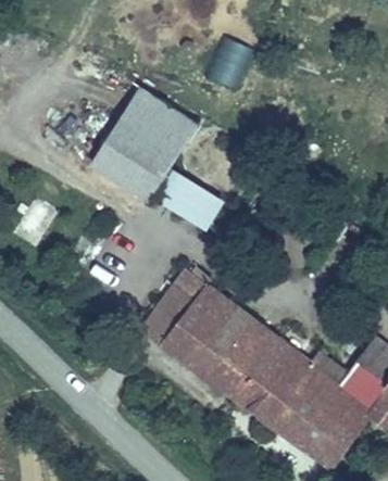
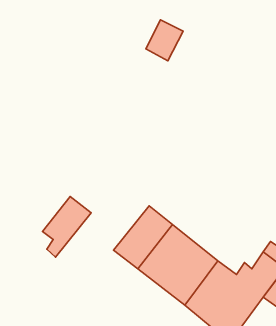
building: [99,97,221,228] -> none
building: [148,266,213,347] -> [43,197,91,257]

